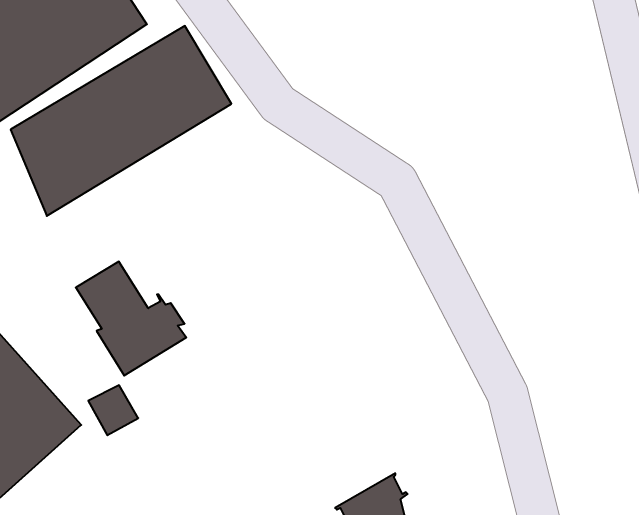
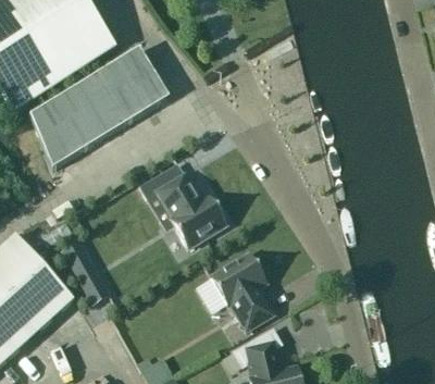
building: [76,262,186,376] -> [158,174,227,246]
building: none -> [210,250,273,329]

